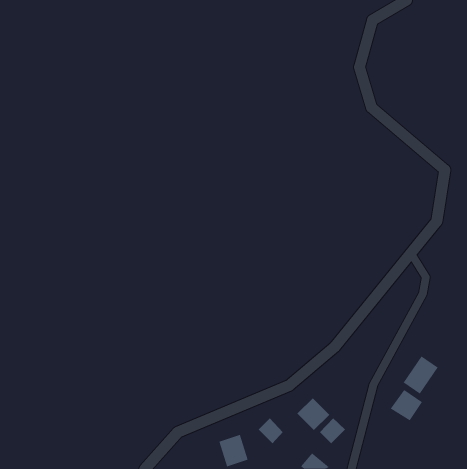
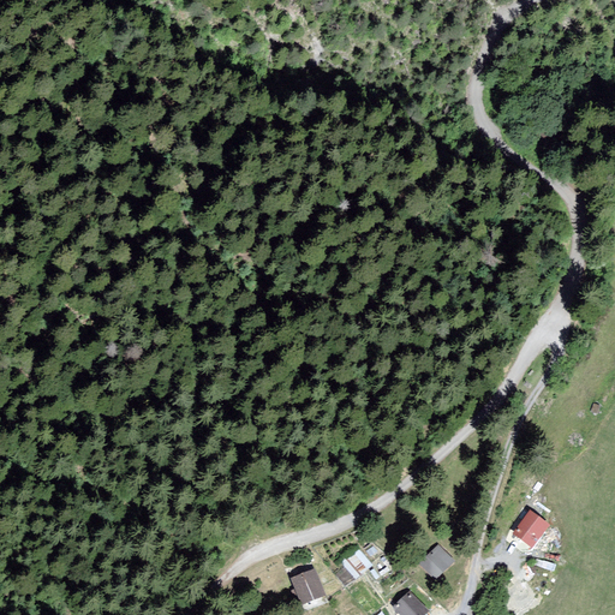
building: [403,355,438,395] -> none
building: [297,397,330,431] -> none

